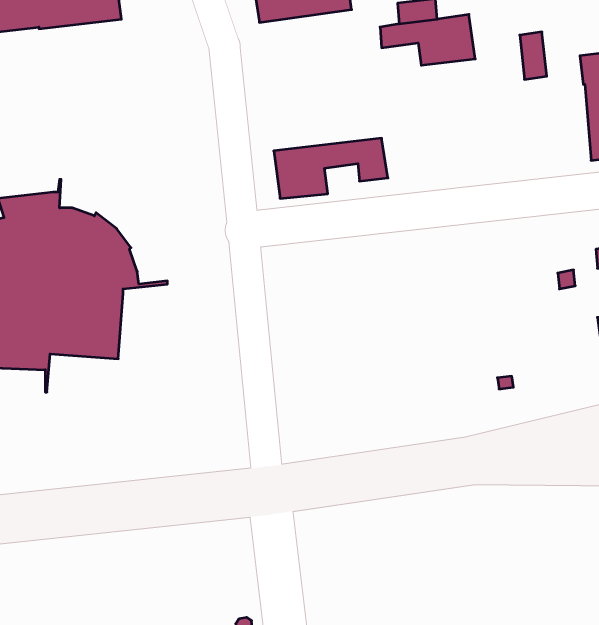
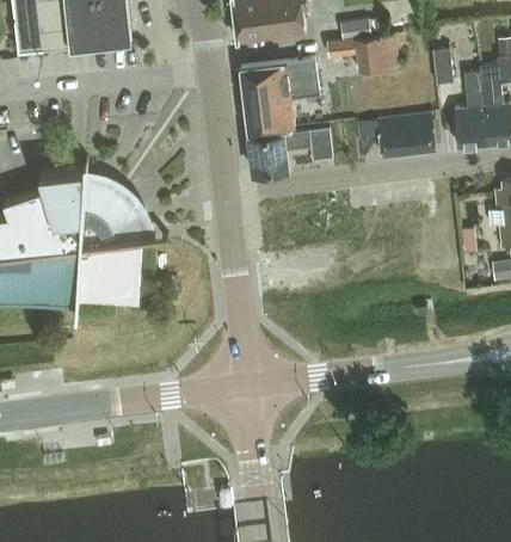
building: none -> [240,58,319,134]
building: none -> [454,62,486,147]
building: none -> [377,113,435,158]

